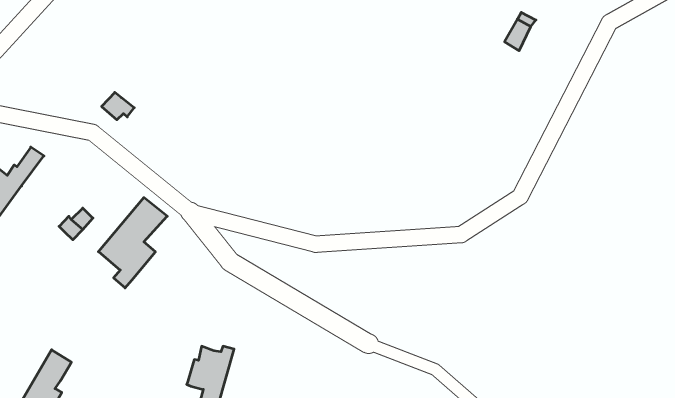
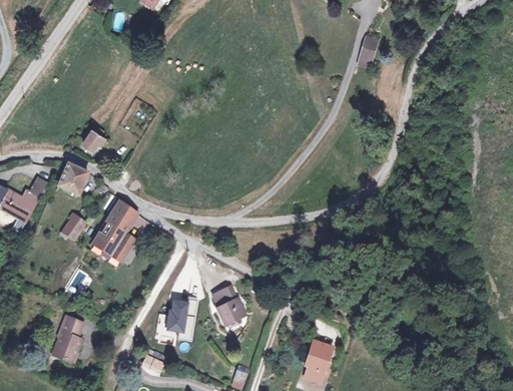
building: none -> [56,162,86,193]
building: none -> [213,286,245,322]

